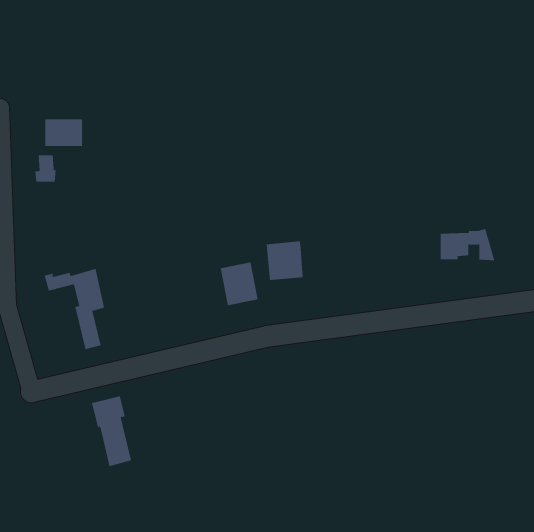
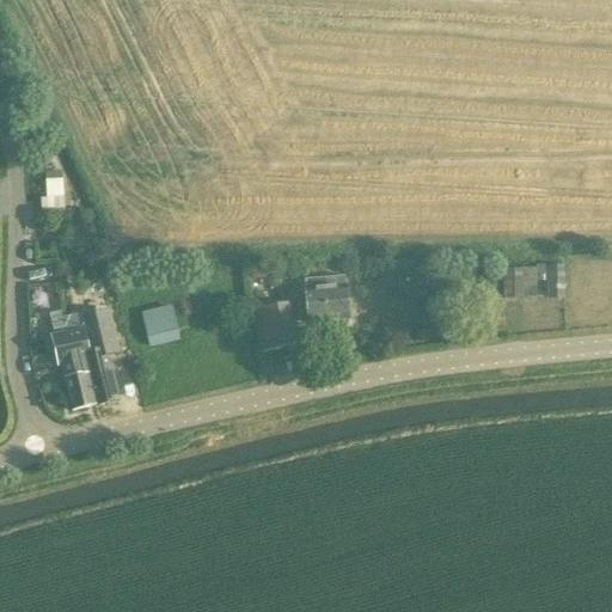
building: [45,118,82,147] -> none
building: none -> [142,304,179,344]
building: [91,396,132,467] -> [51,325,98,406]

